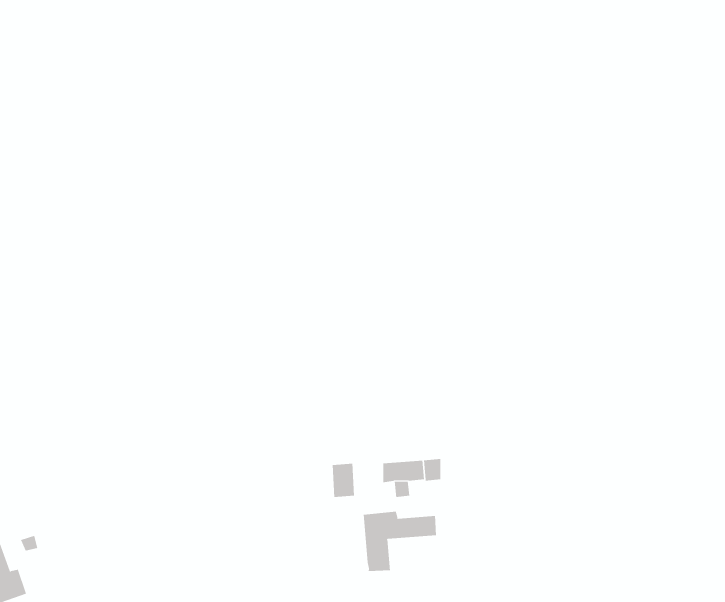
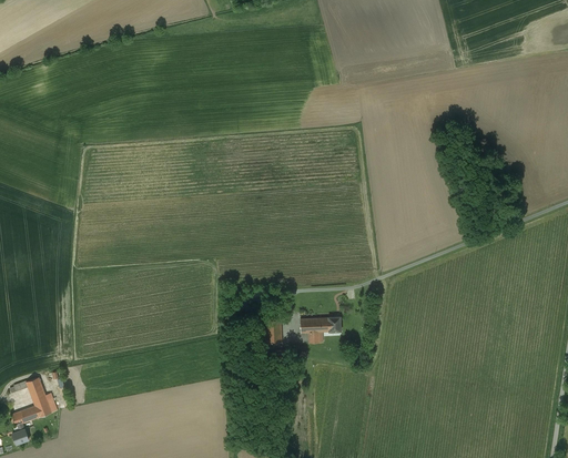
building: [363,511,437,572] -> none

